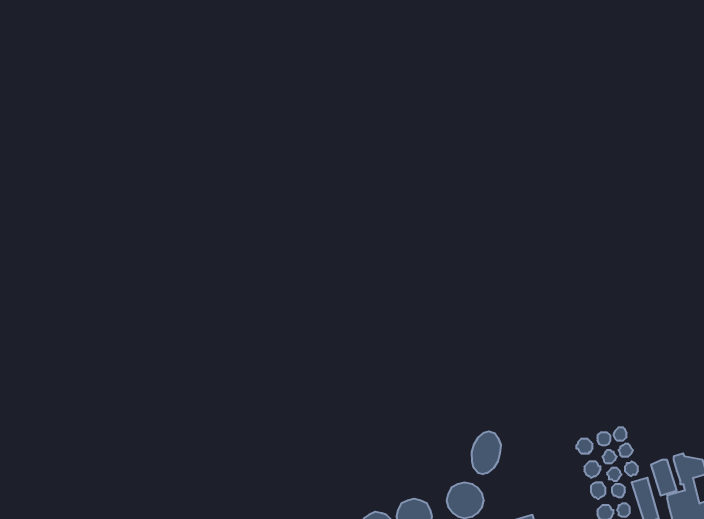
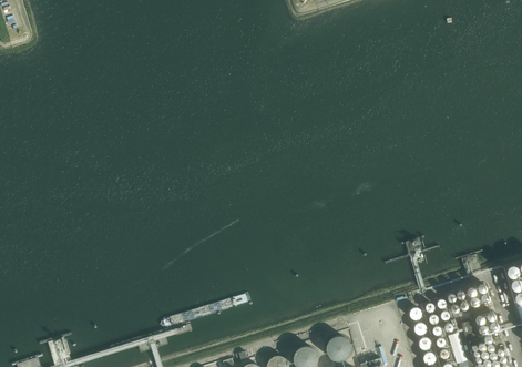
building: [472,431,501,474] -> none

